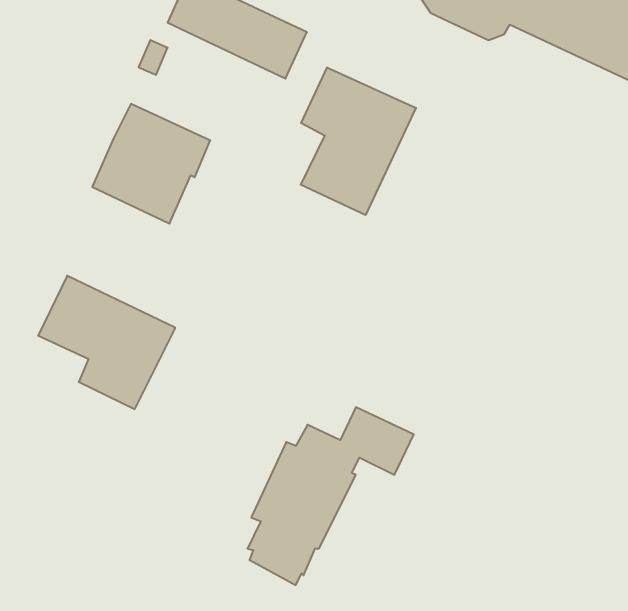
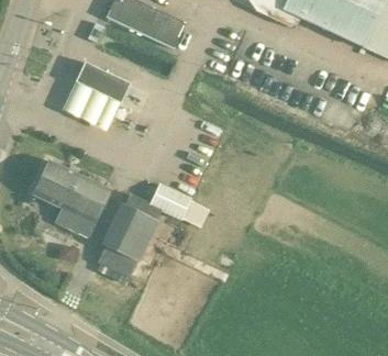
building: [301,67,416,215] -> none
building: [247,407,414,585] -> [98,182,192,283]

